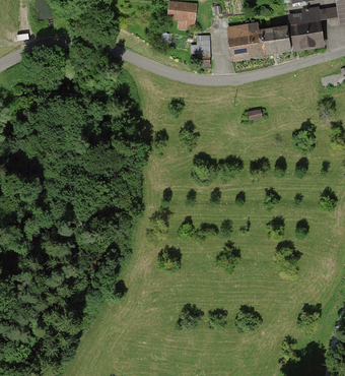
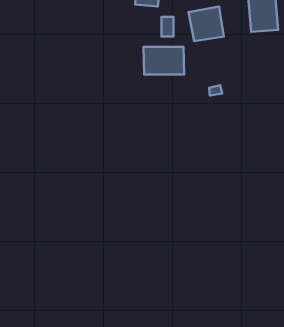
building: [260,23,293,54] -> none
building: none -> [144,47,184,74]

